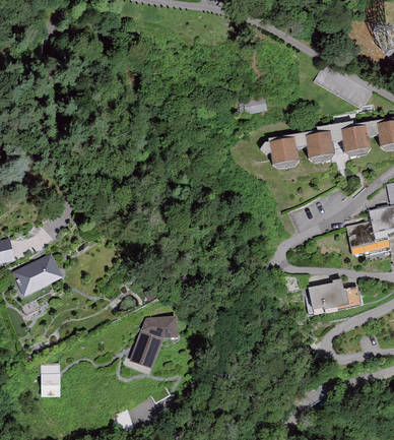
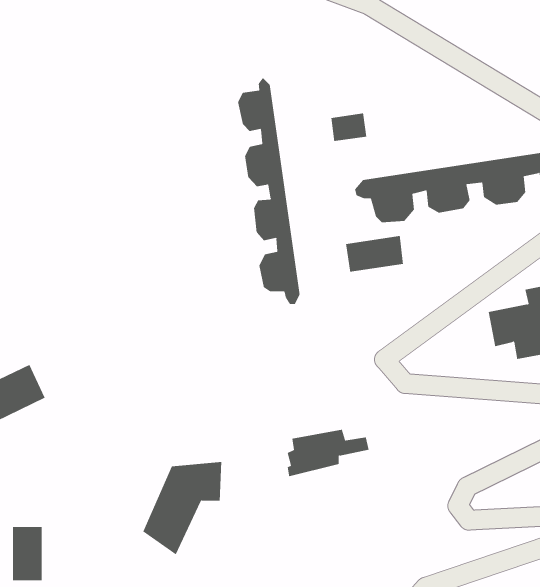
building: none -> [238,77,300,305]
building: none -> [346,235,404,272]
building: [304,279,356,310] -> [287,429,370,477]

